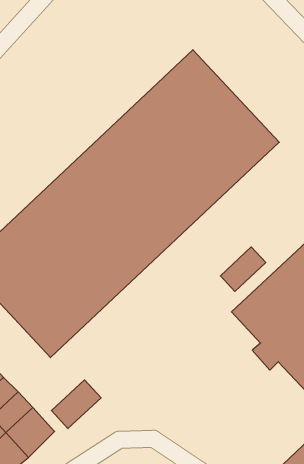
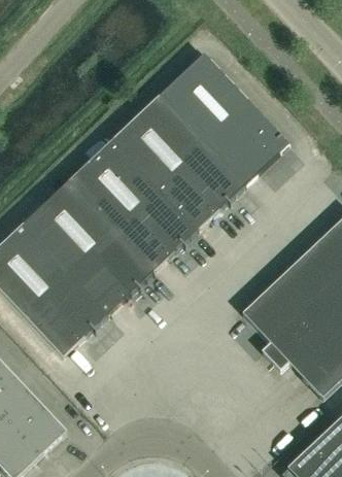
building: [220,247,266,291] -> none
building: [51,380,101,429] -> none

